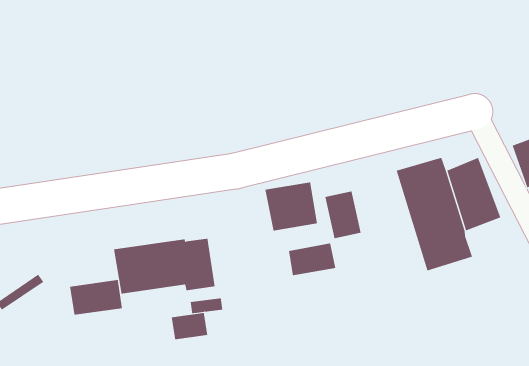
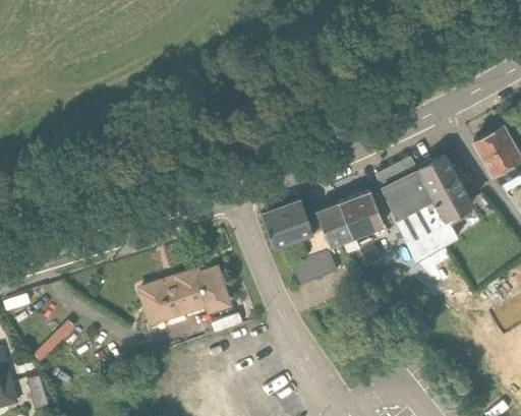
building: none -> [339,191,383,238]
building: [70,279,123,316] -> none
building: [171,312,208,340] -> none

